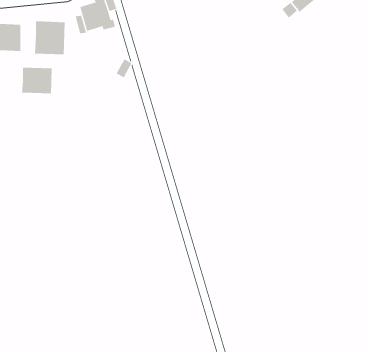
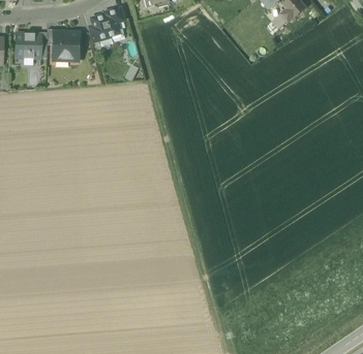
building: [21,67,52,94] -> none

